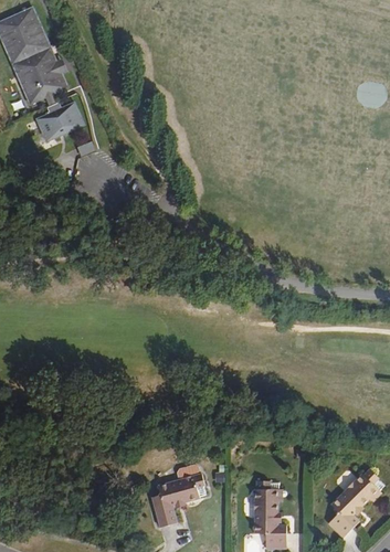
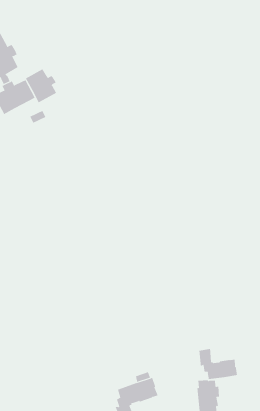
building: none -> [25,69,57,103]
building: none -> [199,348,237,380]

